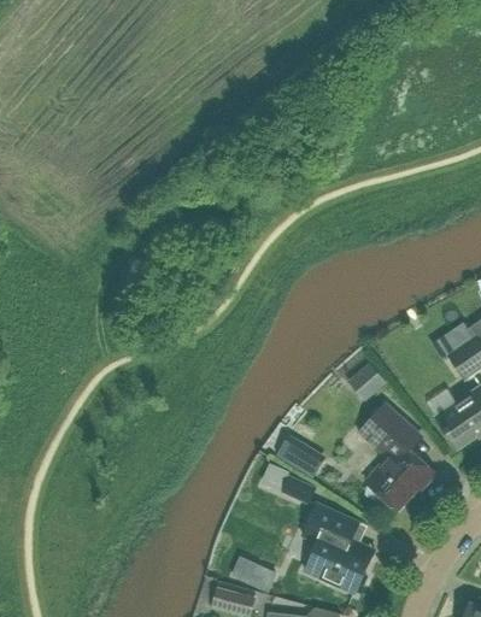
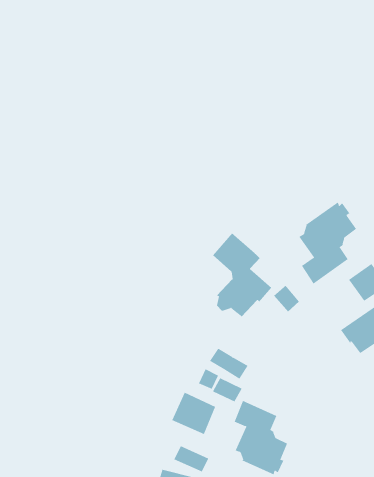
building: none -> [299,202,357,285]
building: [362,405,435,509] -> [212,233,272,317]
building: none -> [172,392,216,435]

